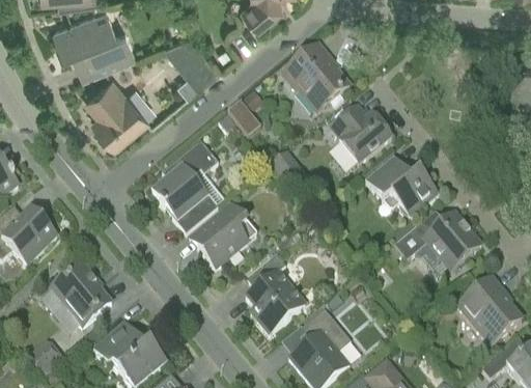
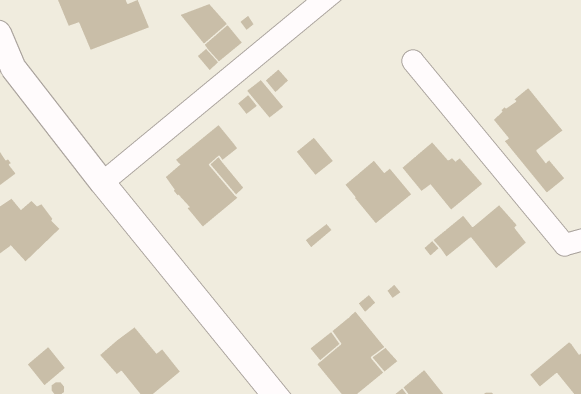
building: [282,48,348,111] -> none
building: [88,74,149,142] -> none
building: [330,105,391,163] -> [344,160,412,224]
building: none -> [493,87,565,194]
building: [189,203,255,269] -> none
building: [245,253,304,334] -> none
building: [39,260,111,327] -> none
building: [460,277,521,344] -> none

